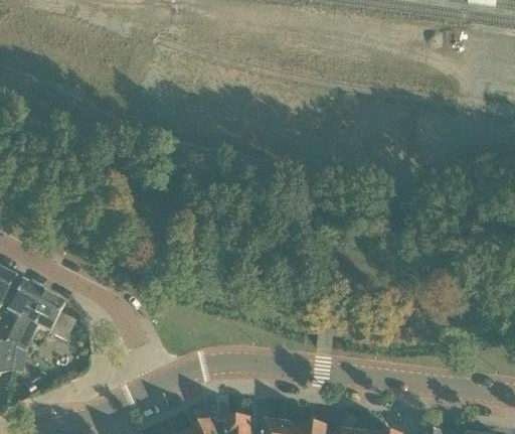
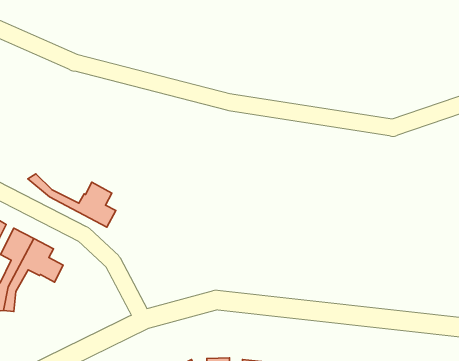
building: none -> [28,174,116,227]

